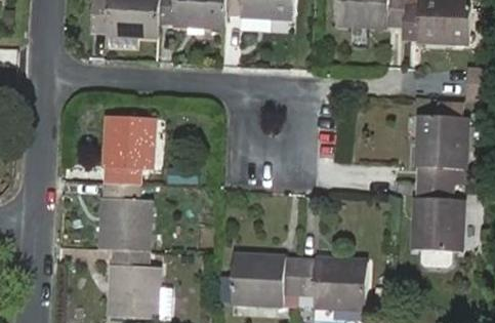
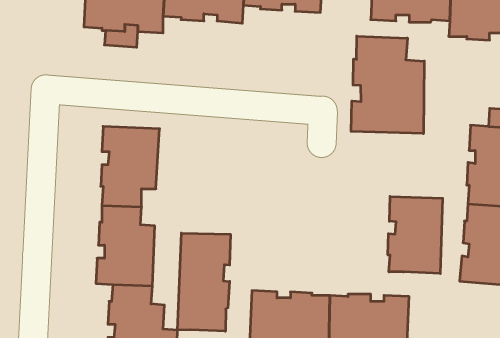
building: none -> [351,36,424,134]
building: none -> [388,196,443,274]
building: none -> [178,233,230,331]

